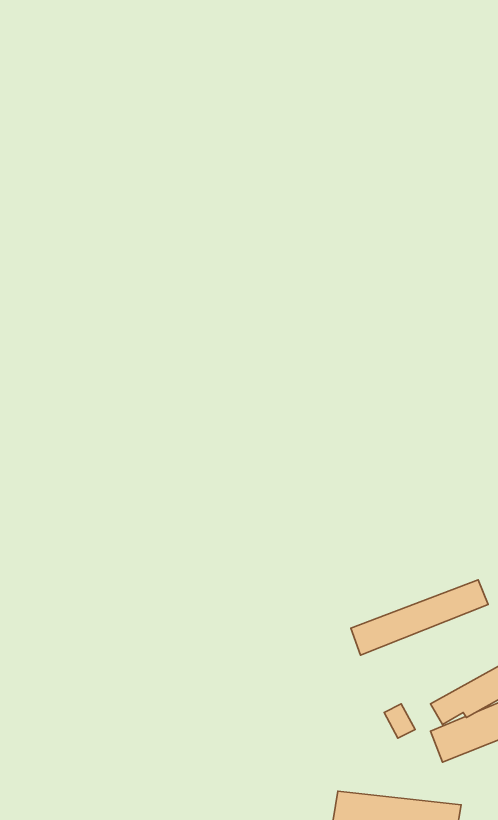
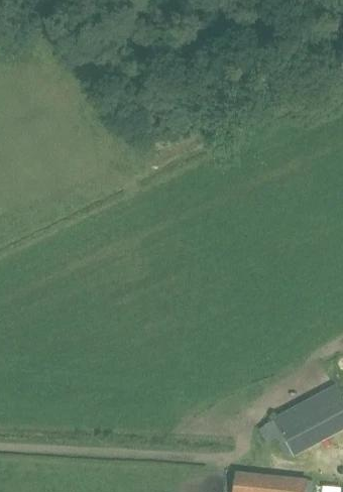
building: [351,580,488,655] -> none

